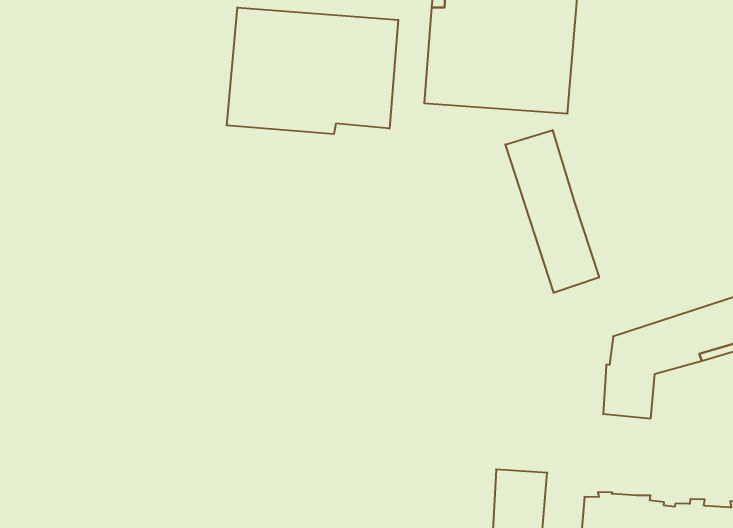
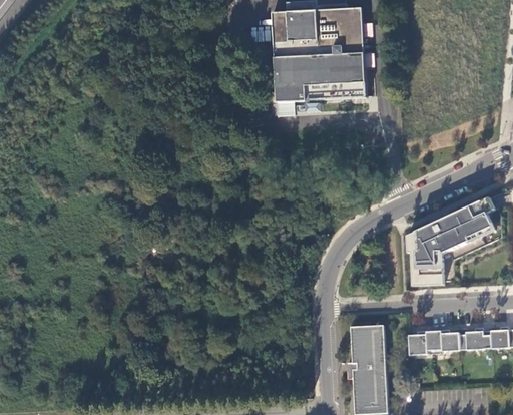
building: [227,7,398,134] -> none
building: [505,130,599,293] -> none

